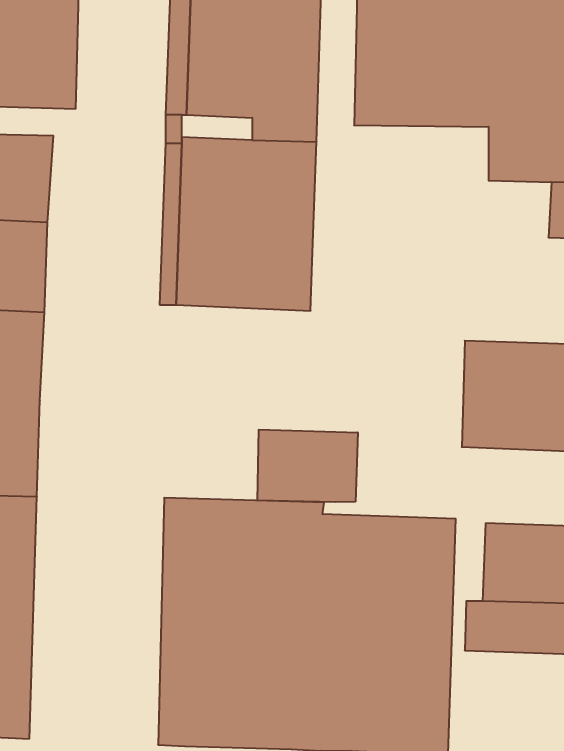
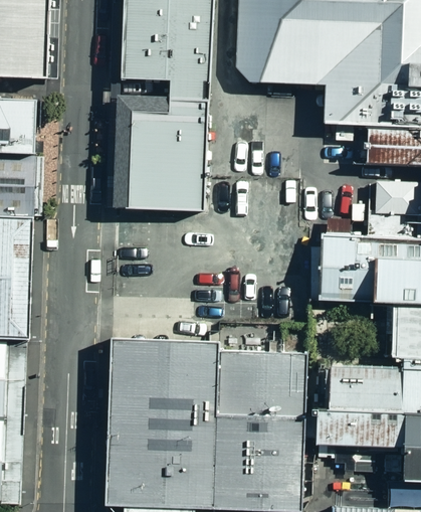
building: [258,430,358,502] -> none

